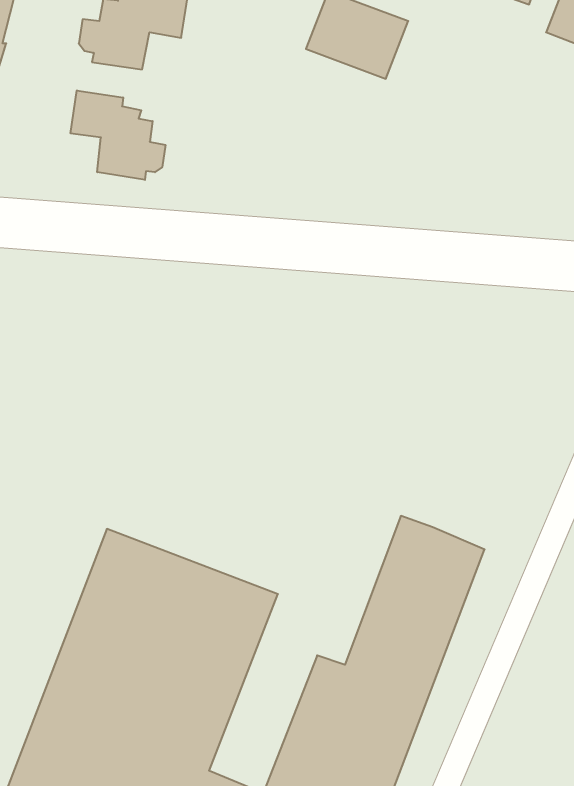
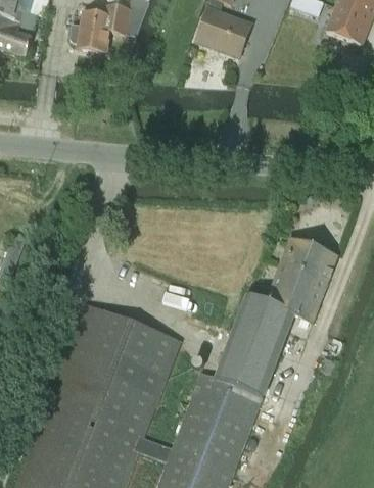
building: [71,90,165,180] -> none
building: none -> [266,237,338,321]

